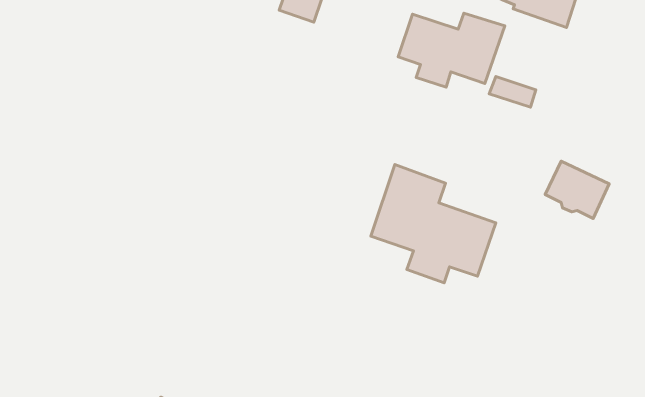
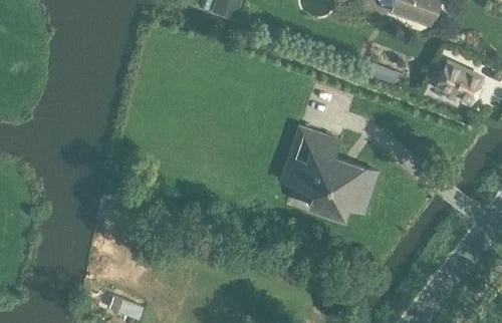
building: [398,13,505,87] -> none
building: [545,161,609,218] -> [433,60,481,103]

